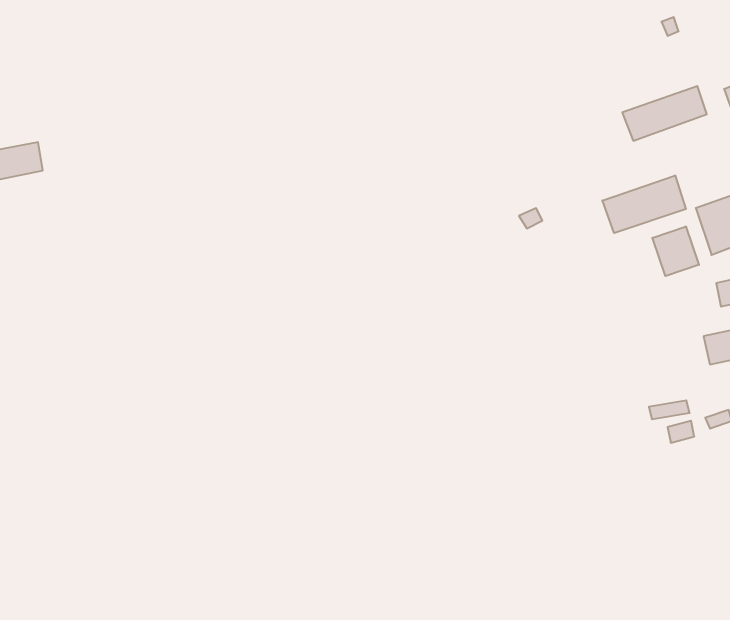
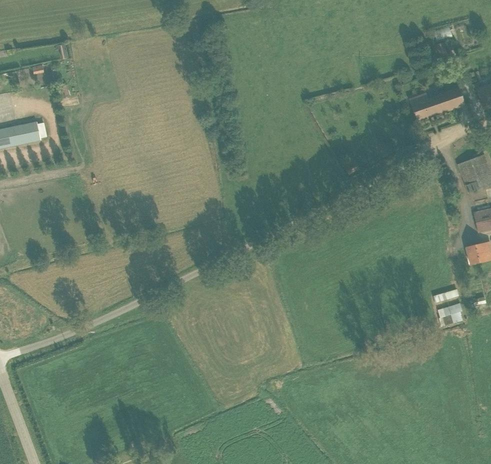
building: [602,175,686,233] -> none
building: [652,226,699,276] -> none

